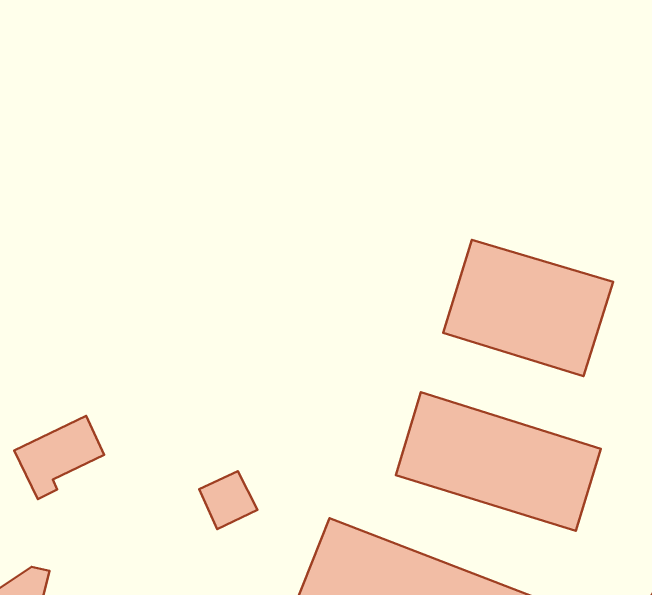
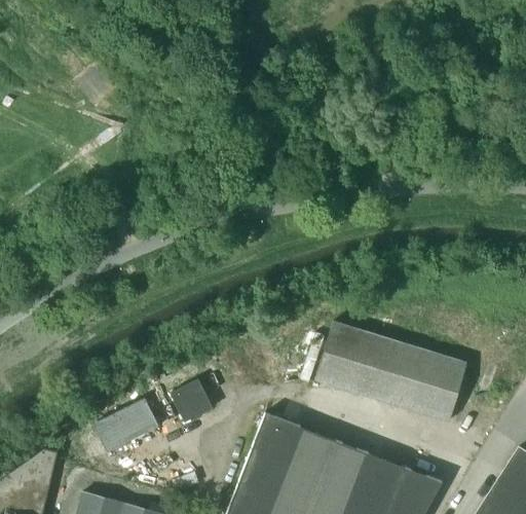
building: [443,240,613,376] -> none
building: [14,416,104,499] -> [92,398,159,460]

